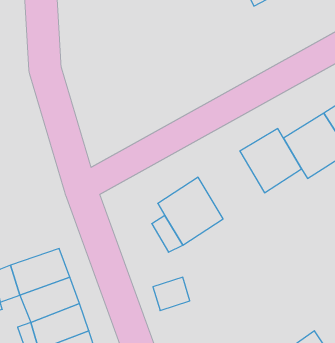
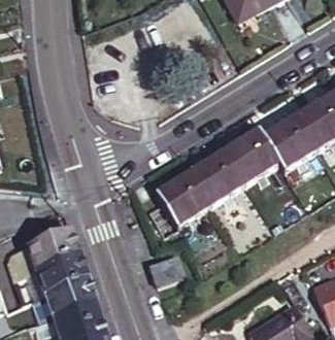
building: none -> [191,146,248,205]

